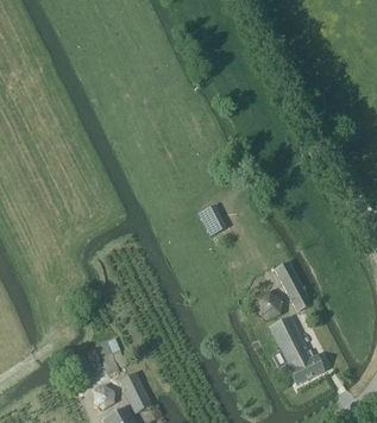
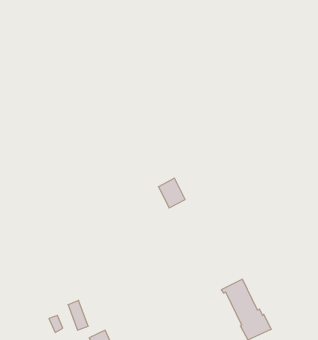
building: [274,260,310,311] -> none
building: [255,291,281,320] -> none

